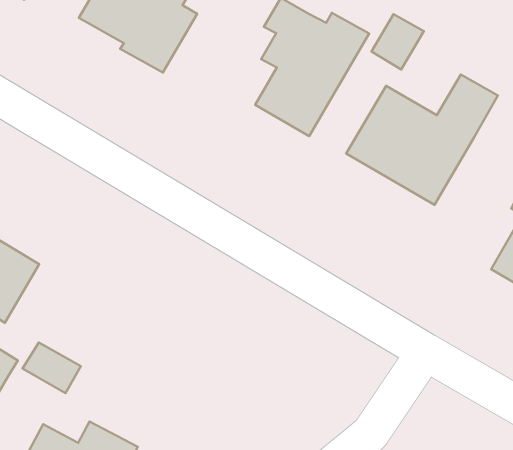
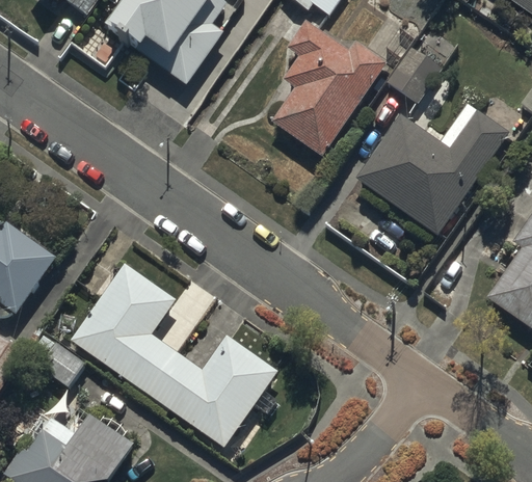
building: none -> [71,263,277,447]

